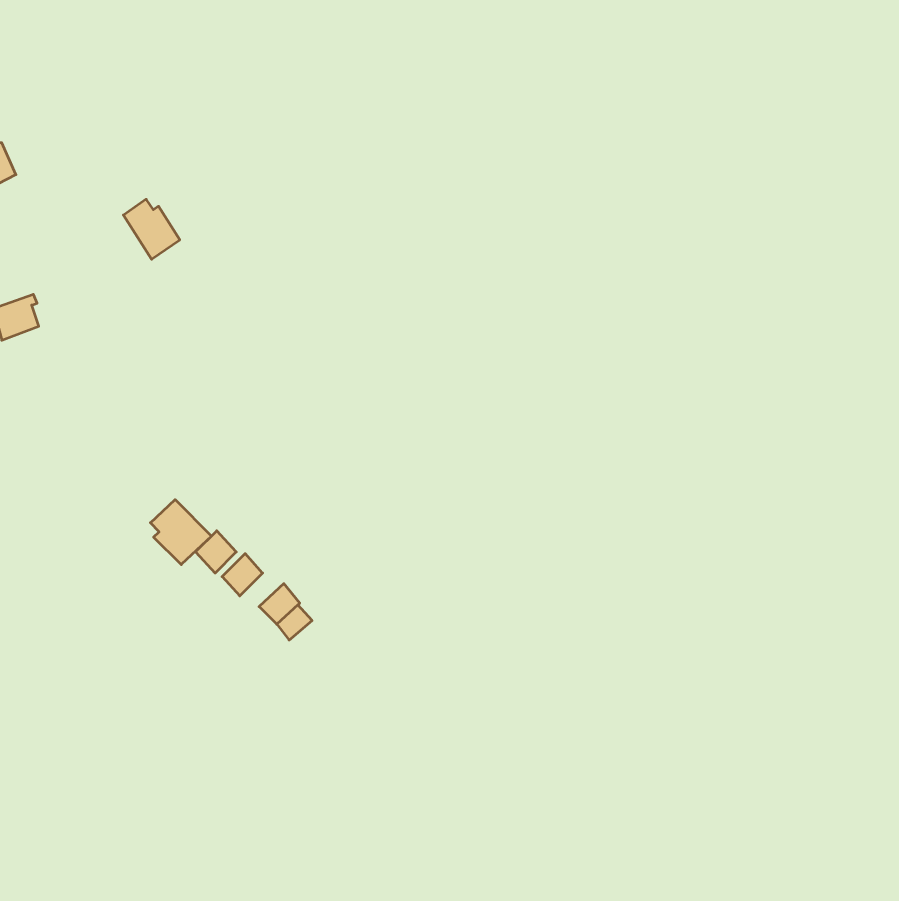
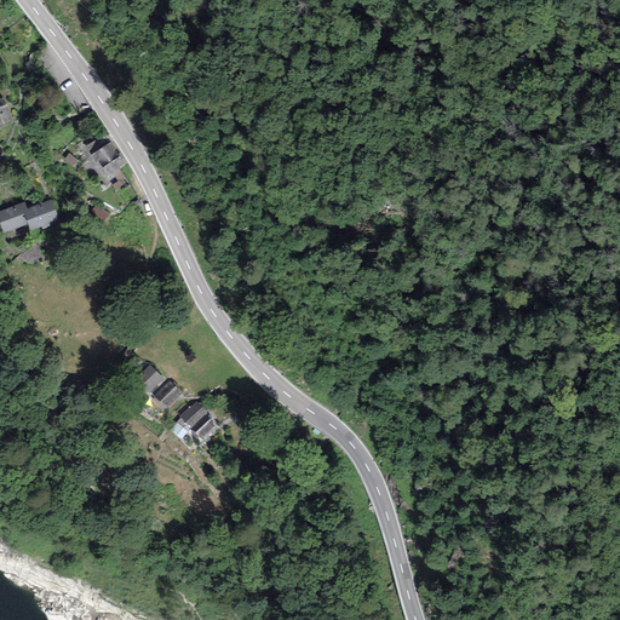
building: none -> [22,200,58,230]
building: [150,500,211,565] -> none

